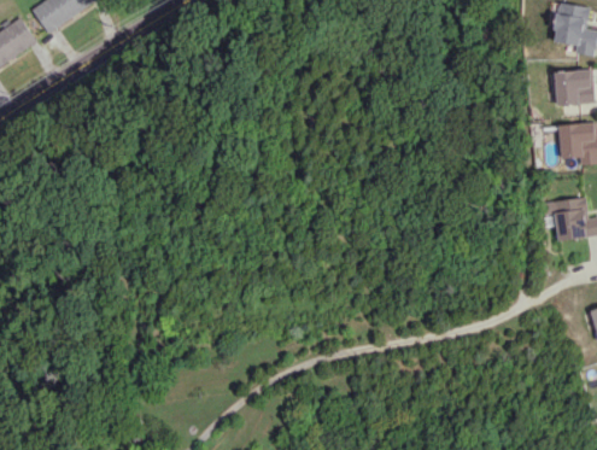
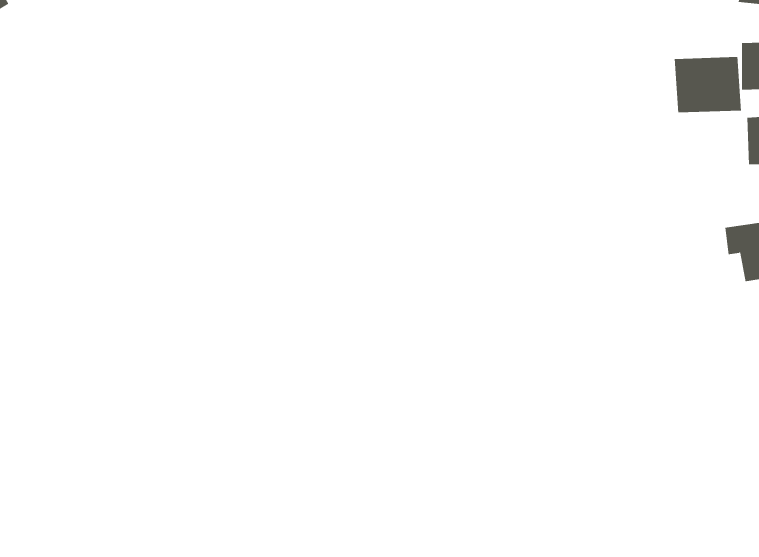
building: none -> [674,56,741,113]

